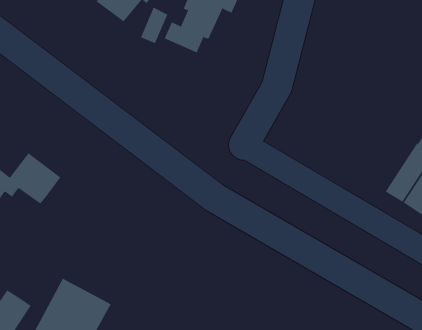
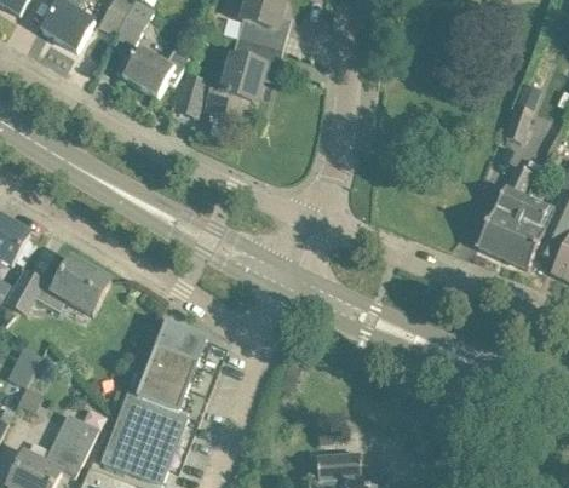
building: none -> [137,318,205,411]

